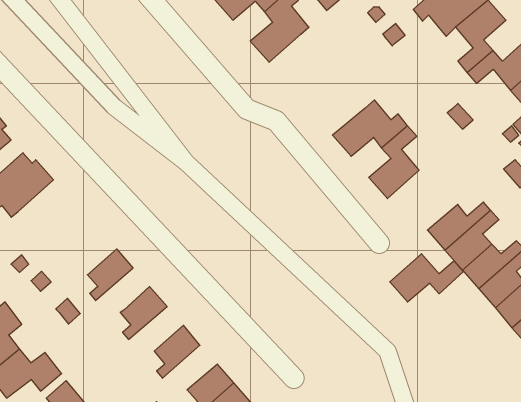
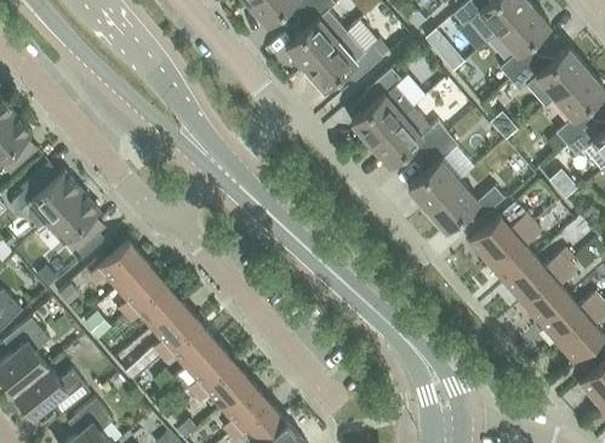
building: none -> [304,33,382,90]
building: none -> [352,69,424,144]
building: none -> [45,191,105,251]
building: none -> [90,242,147,289]
building: [390,254,464,302] -> [427,181,503,231]
building: none -> [125,282,181,328]
building: none -> [159,322,216,368]
building: none -> [194,362,251,408]

